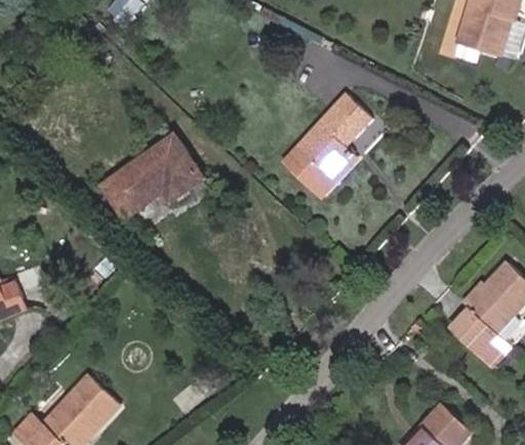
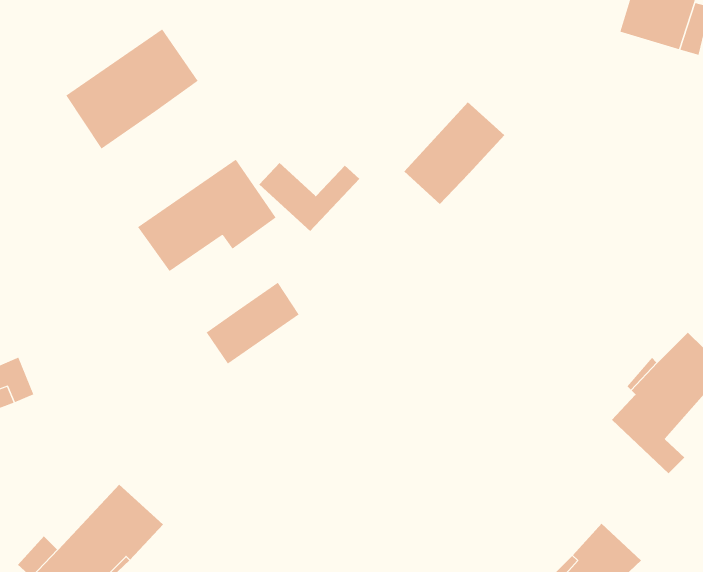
building: none -> [65,29,199,150]
building: [282,145,357,196] -> [259,162,360,232]
building: none -> [206,282,300,364]

